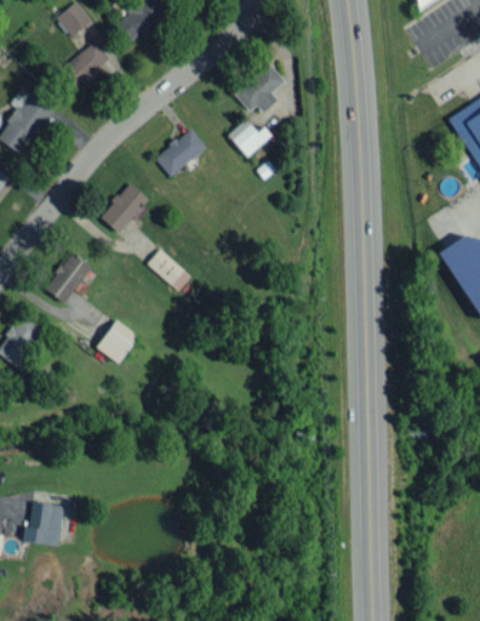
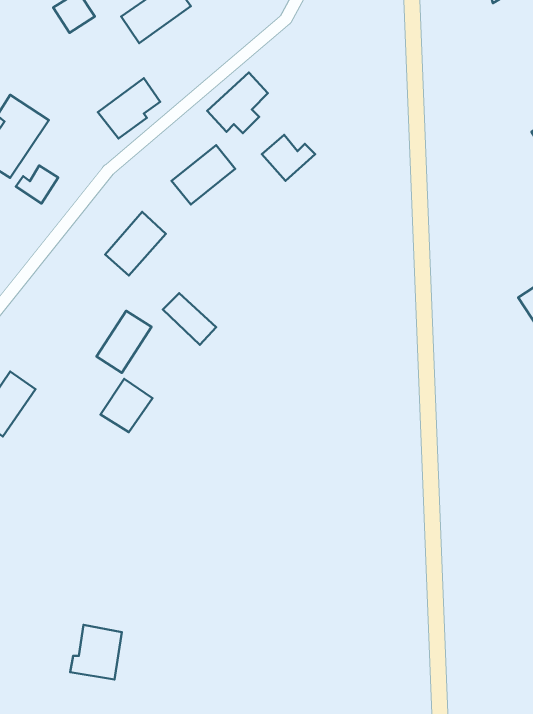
building: [59,41,110,91] -> [98,78,160,139]
building: [235,64,285,114] -> [207,73,268,133]
building: none -> [16,165,58,203]
building: [46,253,91,304] -> [97,311,151,373]
building: [23,502,65,547] -> [70,625,122,680]

